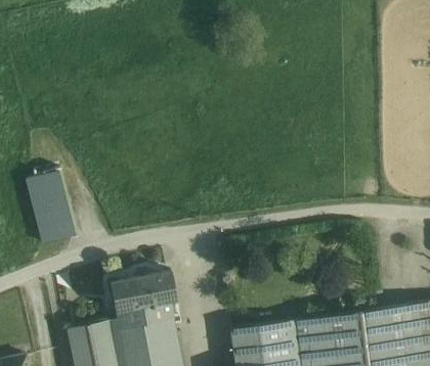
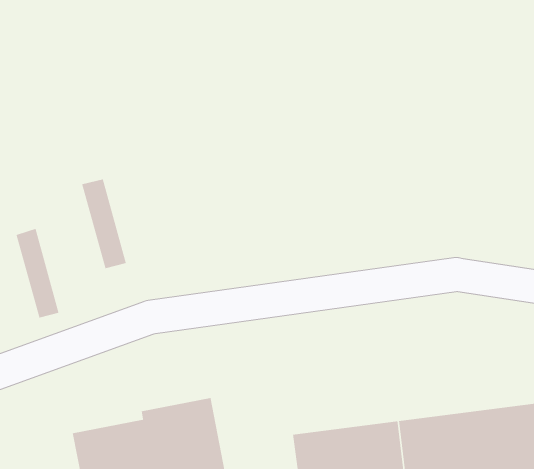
building: [40,171,74,238] -> [81,178,127,269]
building: [111,270,176,311] -> none

